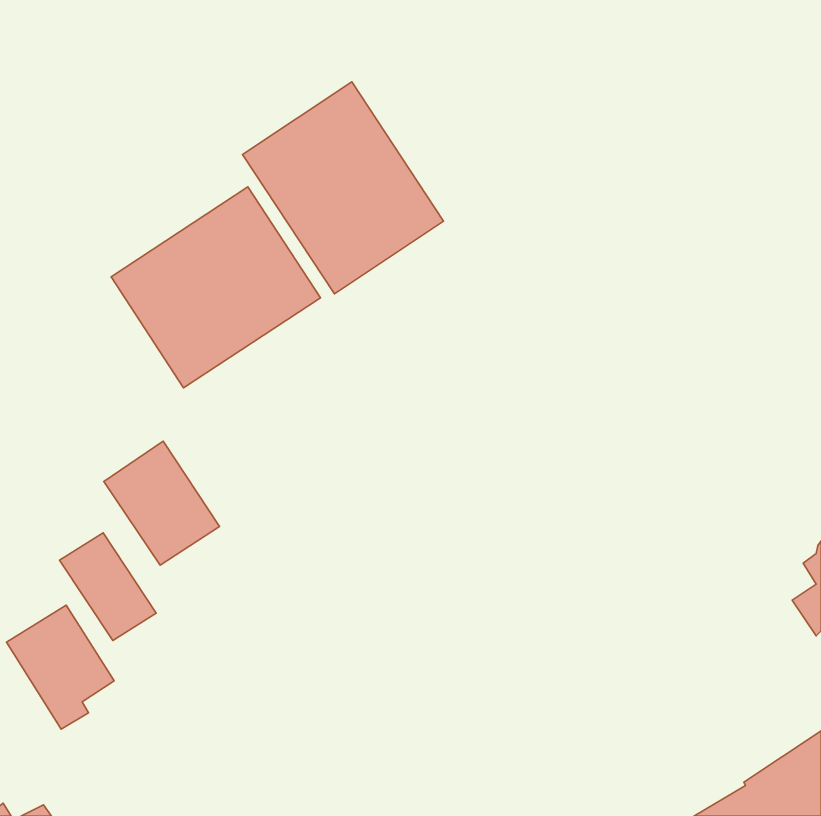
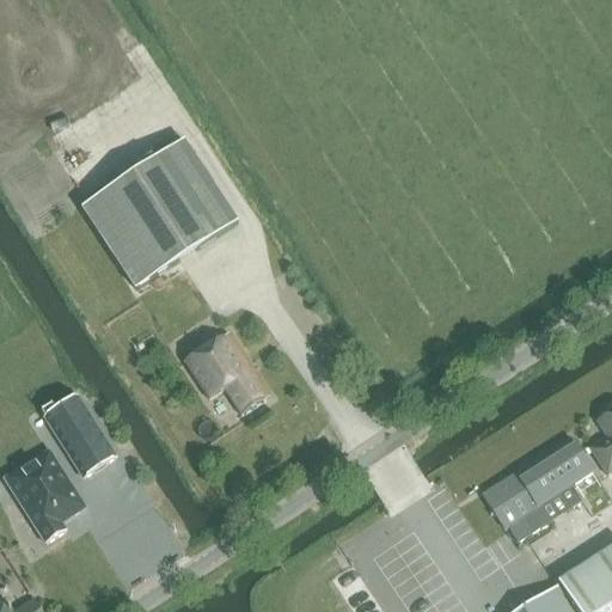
building: [243,82,444,294] -> none
building: [104,441,220,565] -> [184,331,270,423]
building: none -> [481,435,590,540]

